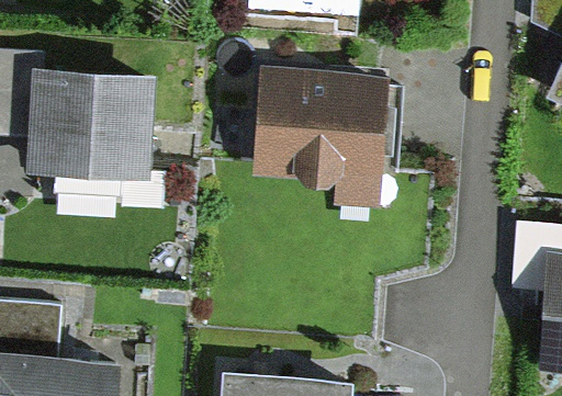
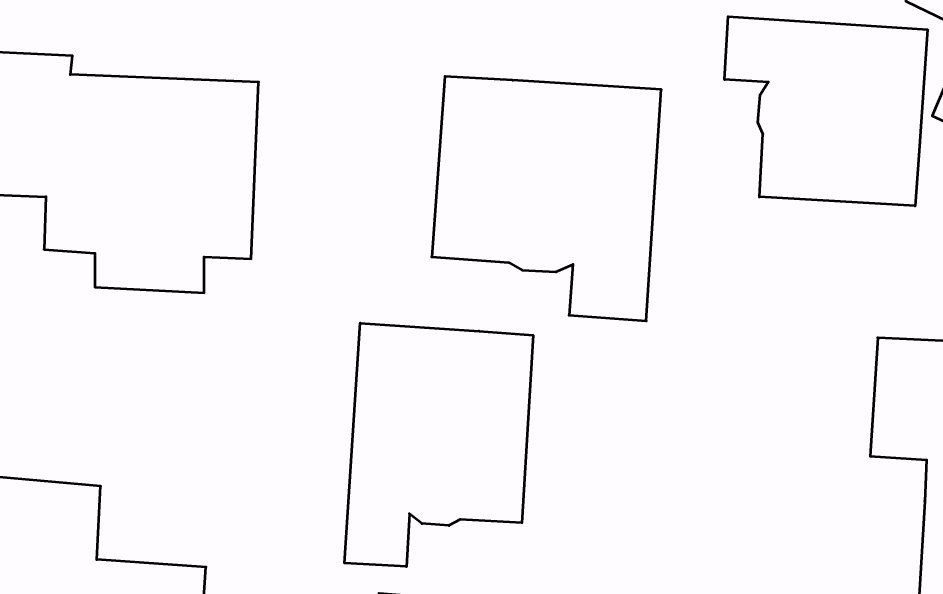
building: none -> [725,17,927,206]
building: none -> [345,323,533,567]

